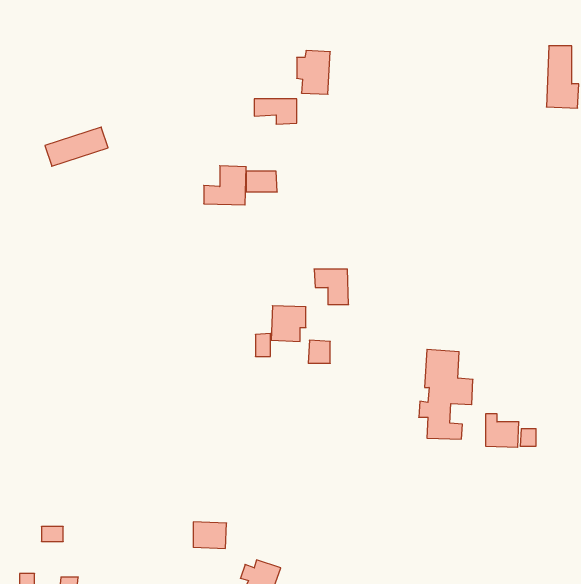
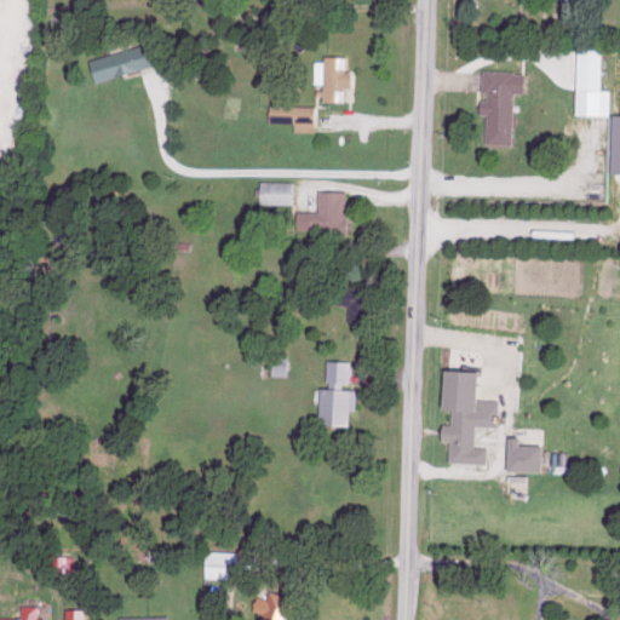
building: none -> [481,73,524,148]
building: [45,127,108,166] -> [88,44,155,85]
building: [204,166,246,205] -> [299,193,344,234]
building: [271,306,306,341] -> [318,390,355,427]

